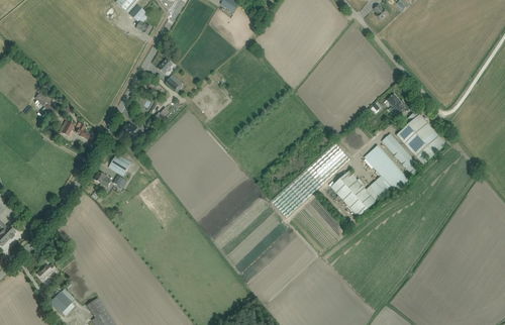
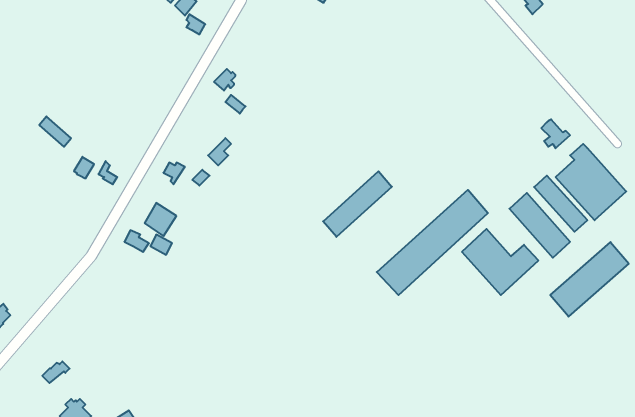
building: none -> [323,171,392,237]
building: none -> [550,242,629,317]

